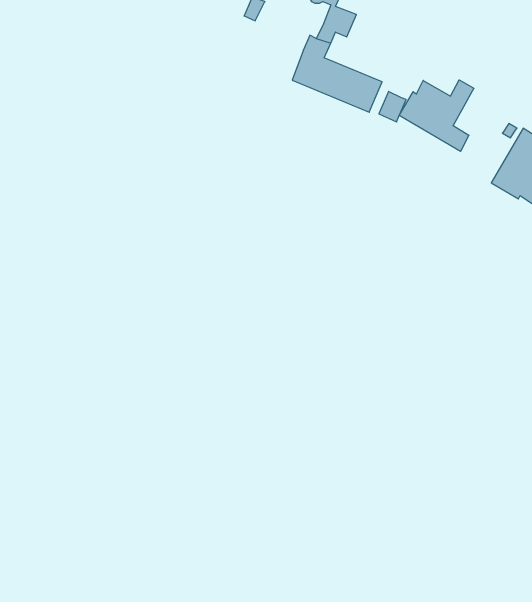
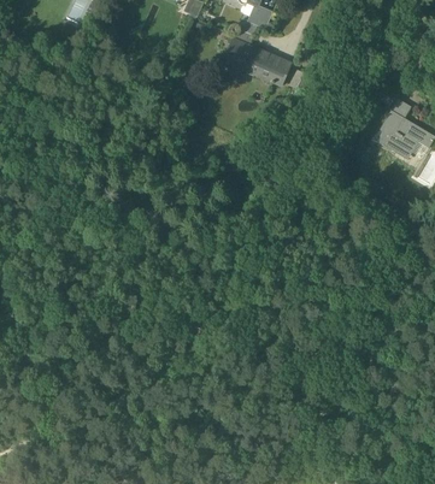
building: [399,80,474,151] -> none

